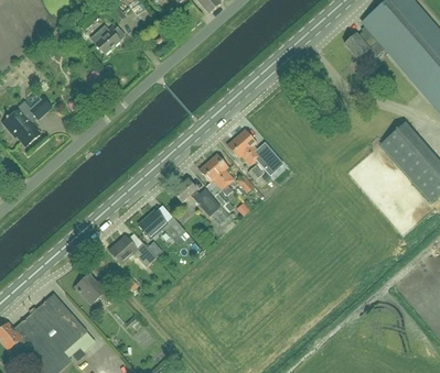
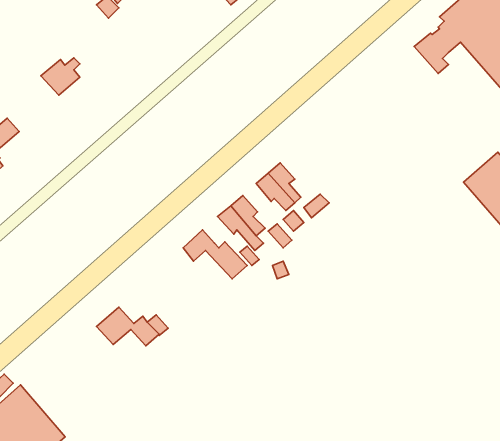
building: [90,24,119,52] -> [41,58,80,95]
building: [139,209,186,239] -> none
building: [75,274,114,304] -> none

